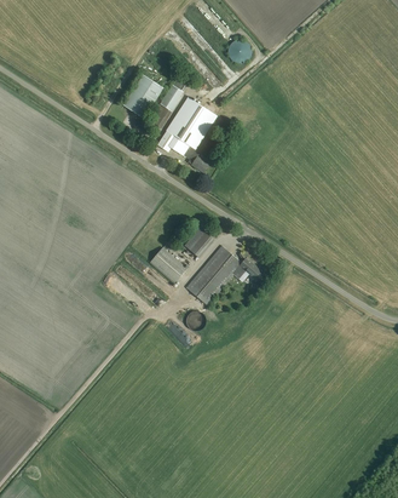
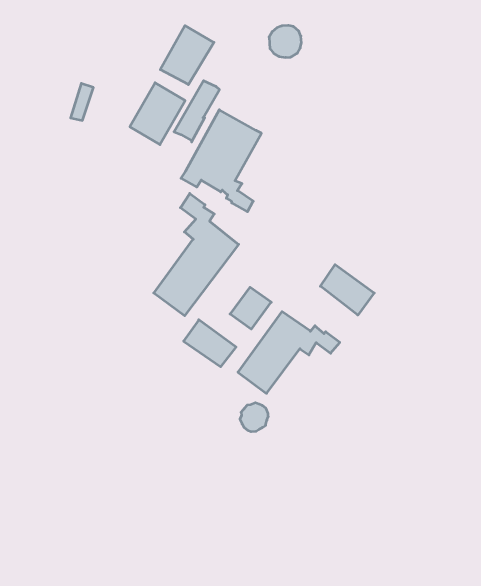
building: none -> [160,26,214,85]
building: none -> [154,193,239,316]
building: none -> [320,265,374,315]

